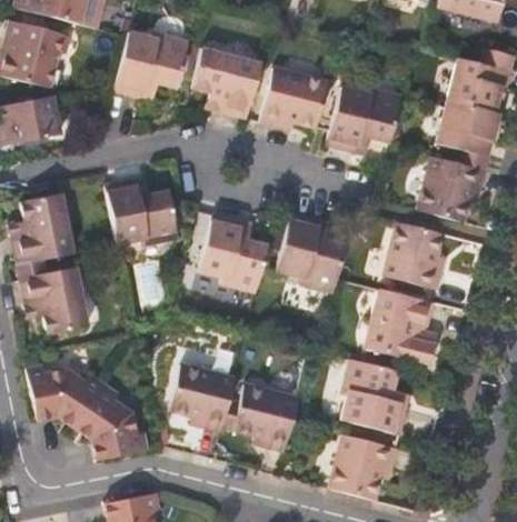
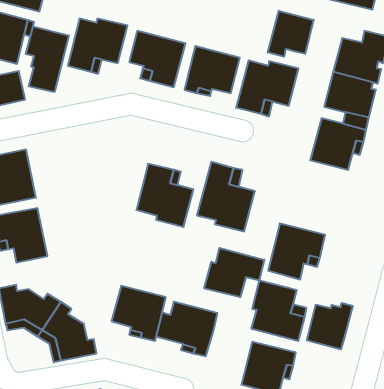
building: none -> [268,11,314,57]
building: none -> [26,27,69,92]
building: [106,179,177,247] -> none
building: [384,221,444,289] -> none
building: none -> [204,248,264,297]
building: none -> [307,303,353,349]

